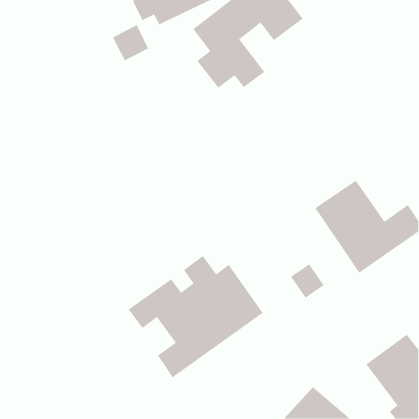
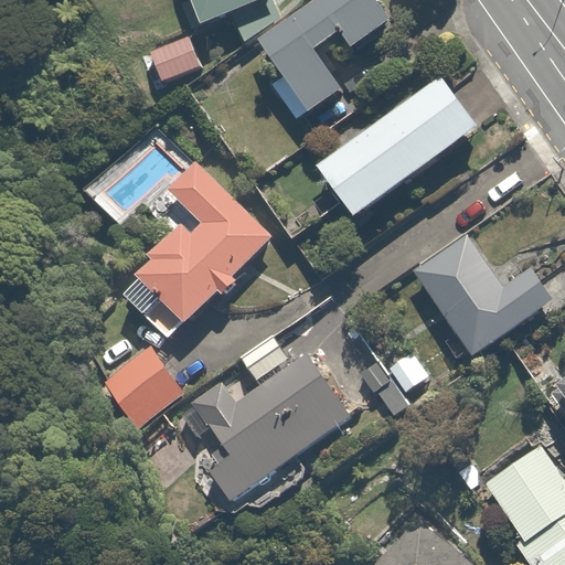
building: none -> [323,72,490,220]
building: none -> [121,161,276,334]
building: none -> [90,339,179,425]

